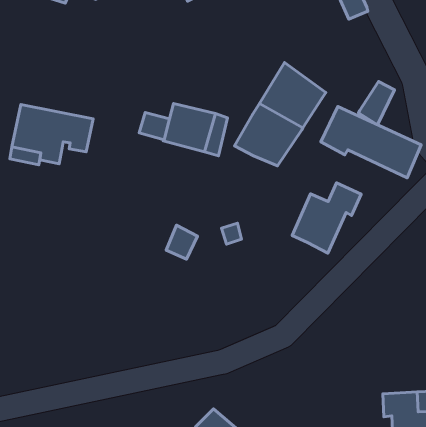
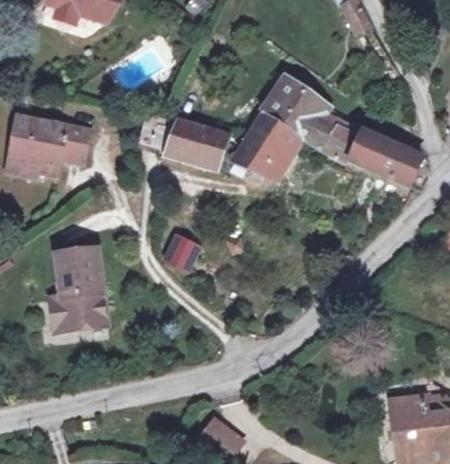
building: [358,82,395,125] -> [303,109,339,152]
building: [292,183,361,253] -> none
building: none -> [54,249,107,325]

